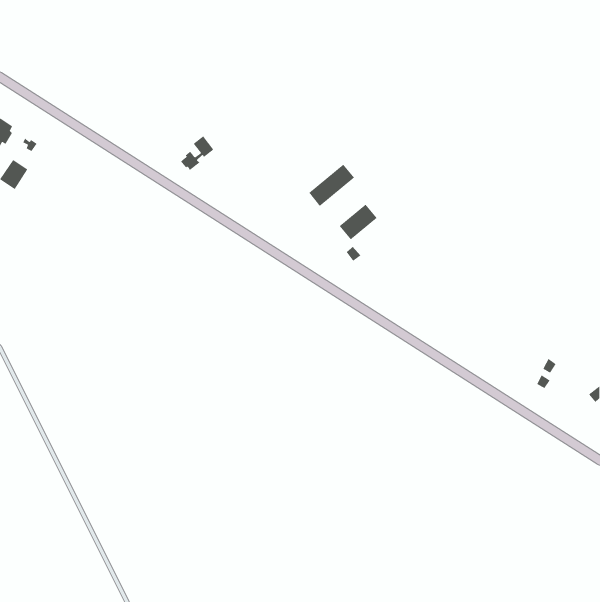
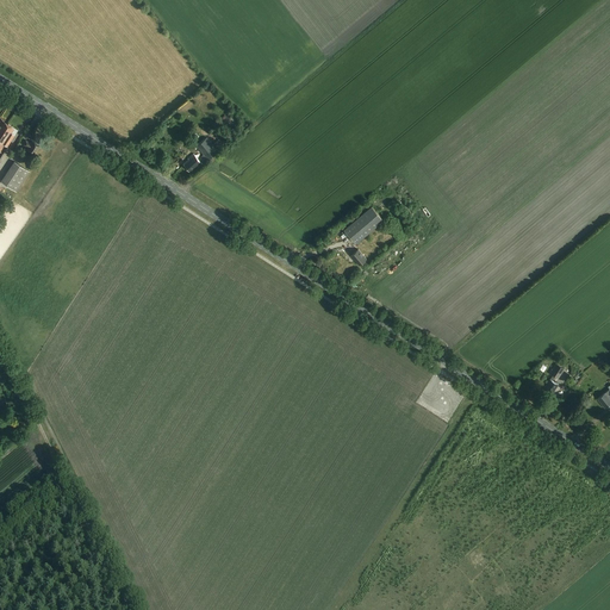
building: [308,164,355,207] -> none

